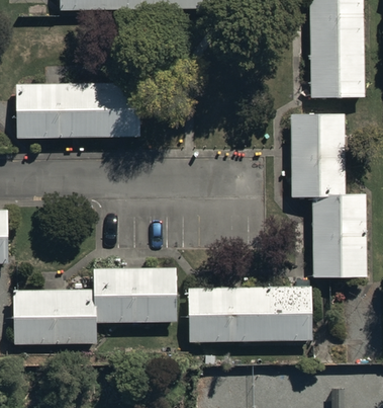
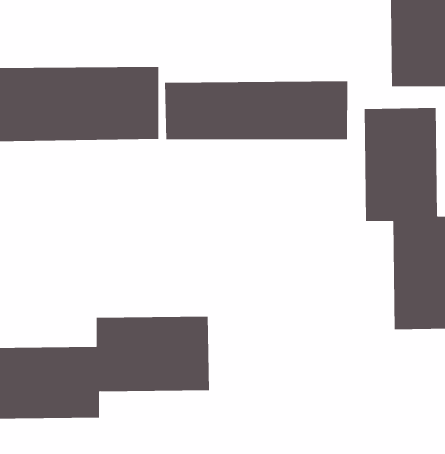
building: none -> [165,81,348,140]
building: [188,287,312,342] -> none

